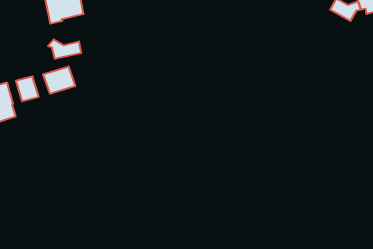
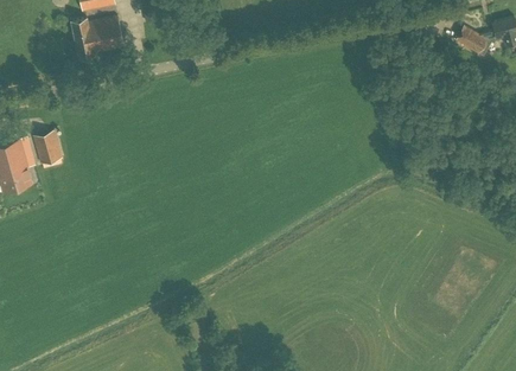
building: [48,39,81,59] -> none
building: [43,66,75,94] -> none

